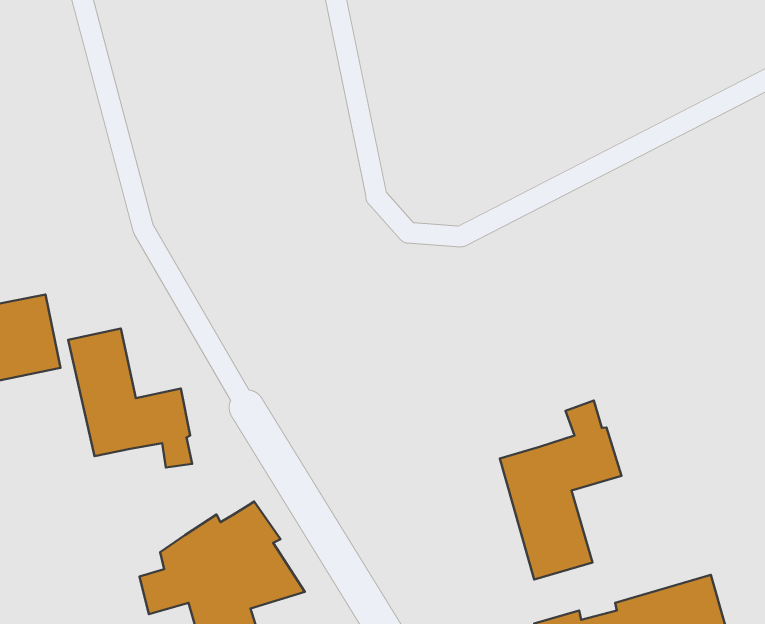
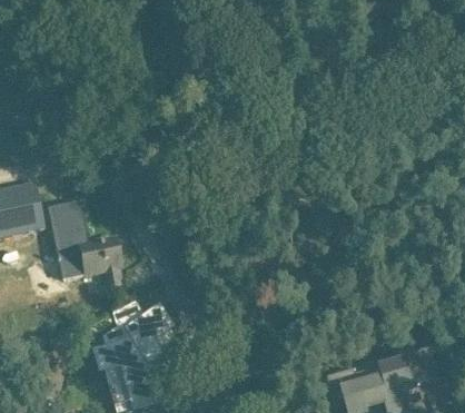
building: [500,401,622,580] -> none

